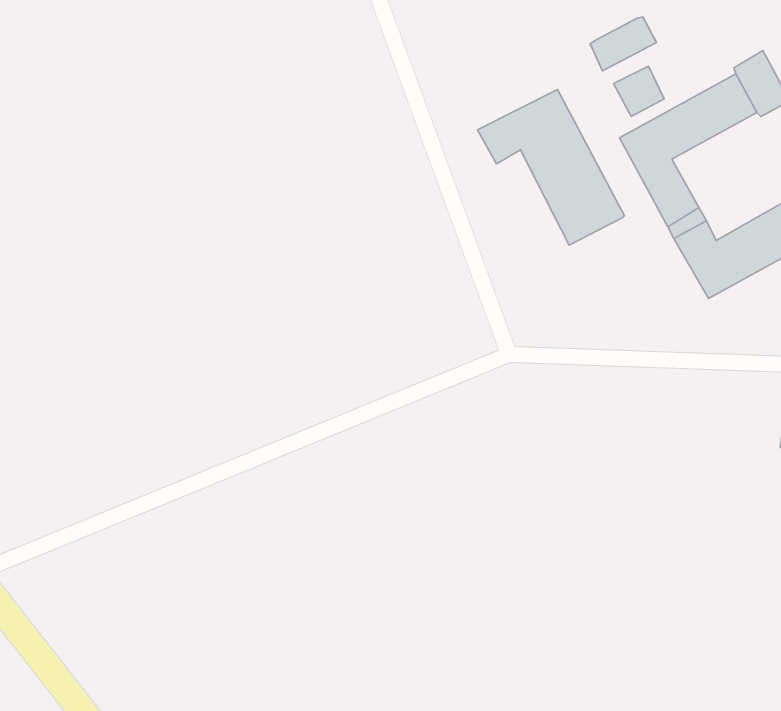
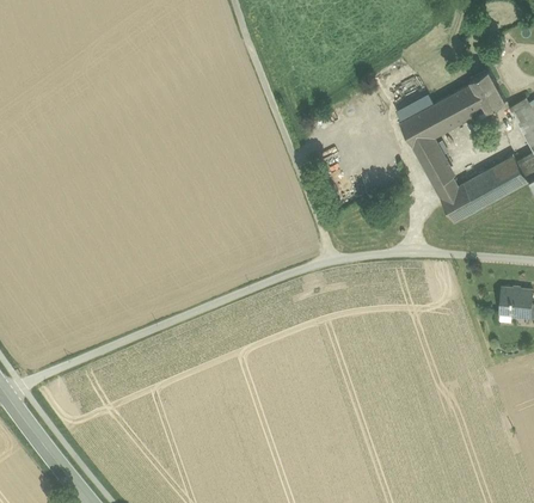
building: [590,17,656,71] -> none
building: [478,89,624,245] -> none

